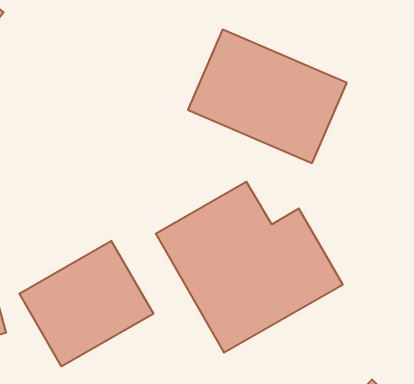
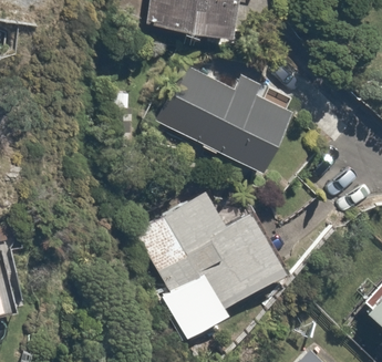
building: [19,241,153,366] -> none

